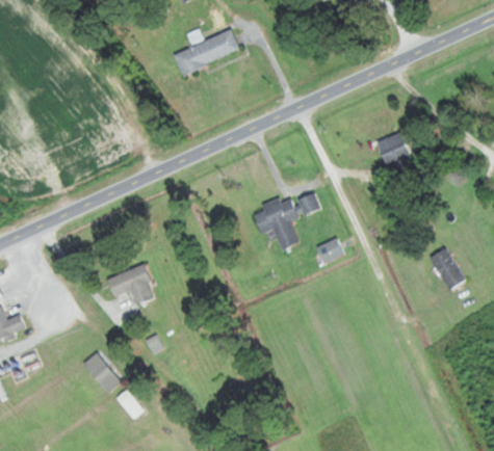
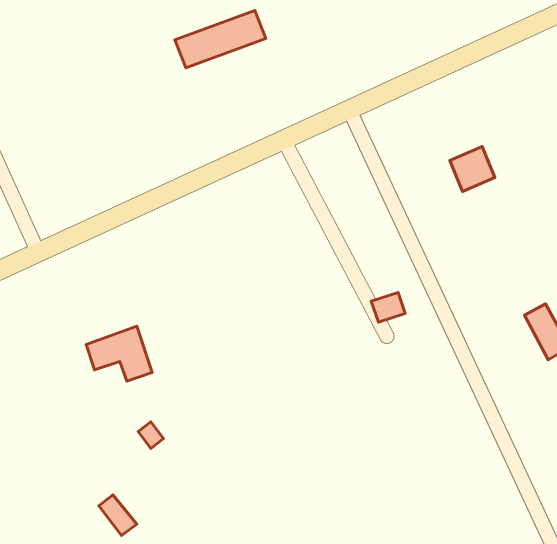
building: [253,190,320,248] -> none
building: [81,353,121,393] -> none

